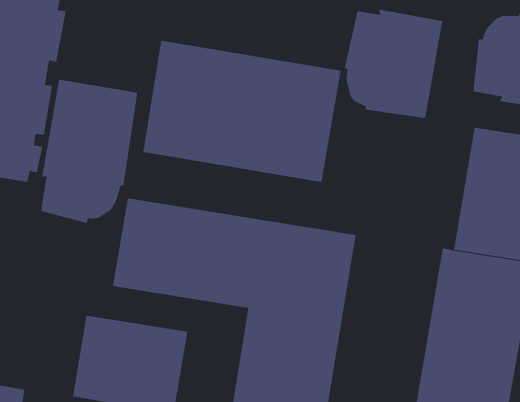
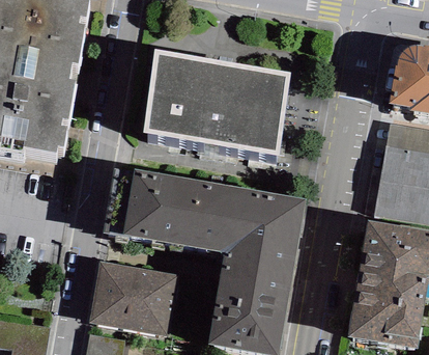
building: [344,9,443,119] -> none
building: [41,79,138,224] -> none

